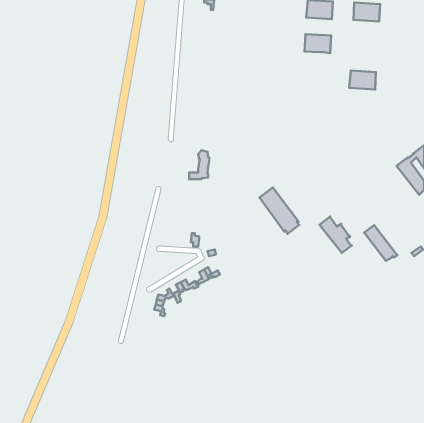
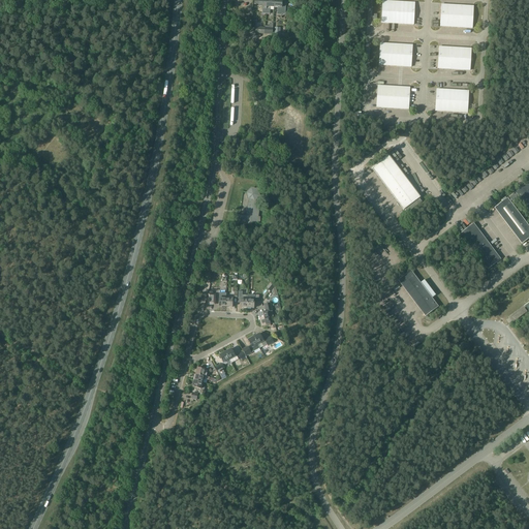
building: none -> [438,45,471,69]
building: none -> [376,85,410,108]
building: [259,187,299,234] -> [372,154,422,212]
building: [364,225,398,261] -> [461,223,502,268]

